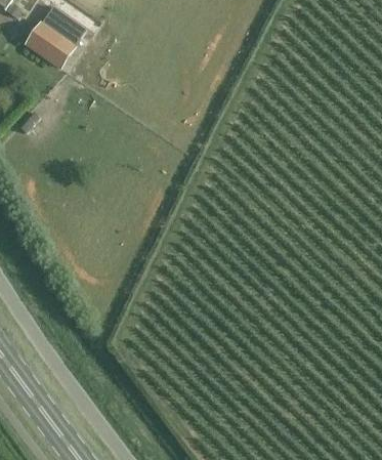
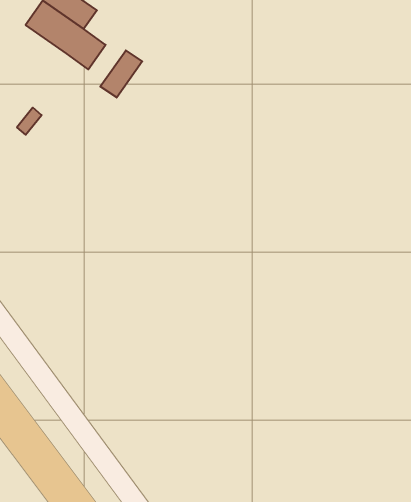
building: none -> [100,50,142,98]

